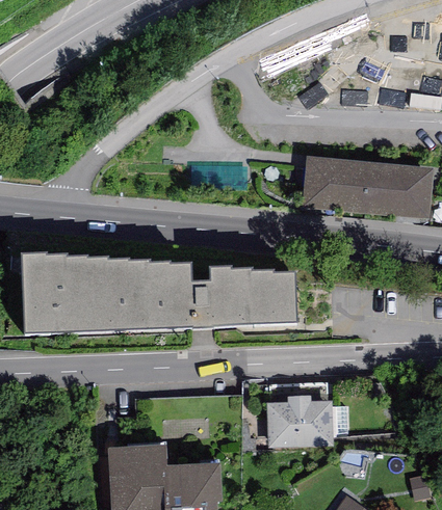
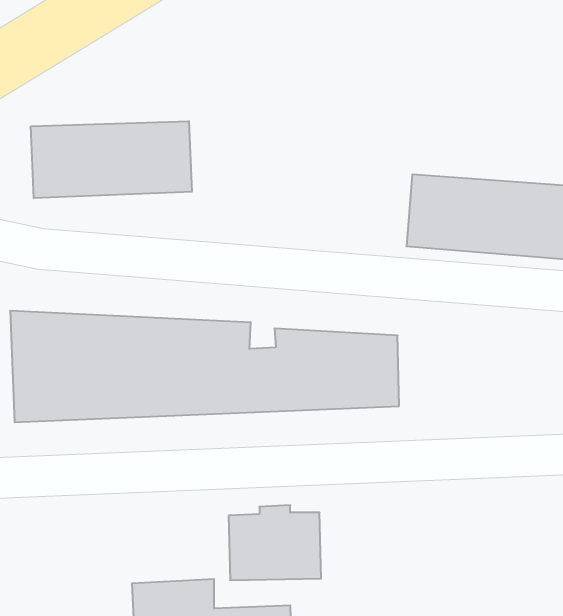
building: none -> [31,121,192,198]
building: [266,395,332,448] -> [229,505,321,580]

